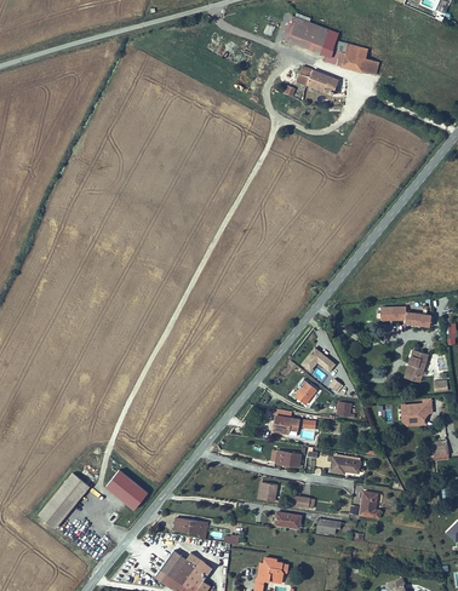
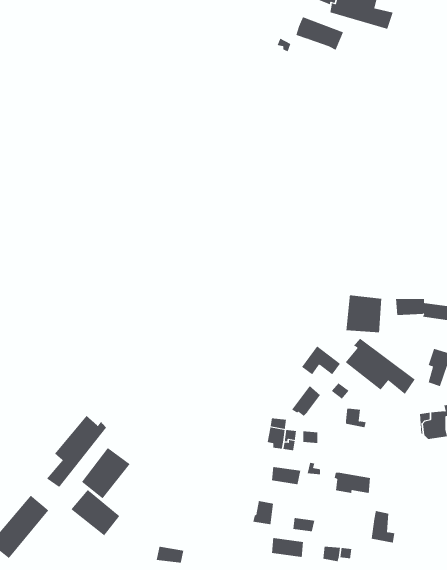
building: none -> [346,295,382,333]
building: none -> [345,338,416,395]
building: none -> [46,415,107,488]
building: none -> [81,447,130,499]

